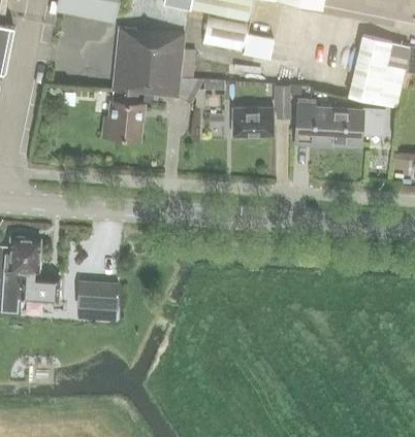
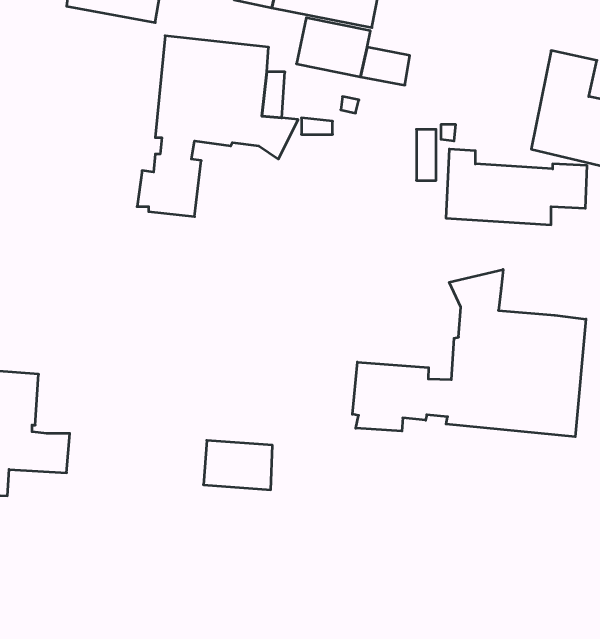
building: [232,106,274,136] -> none
building: none -> [352,269,586,437]
building: [75,279,119,310] -> [203,440,272,490]

